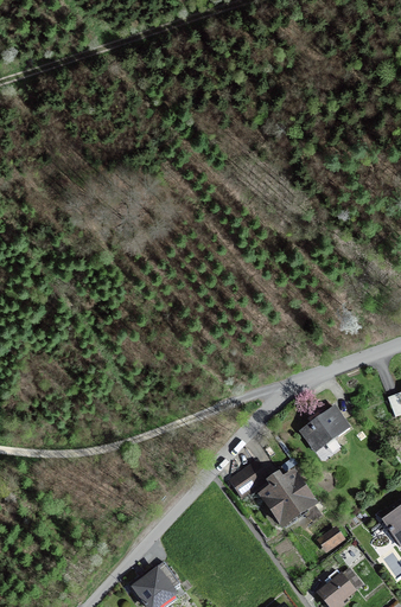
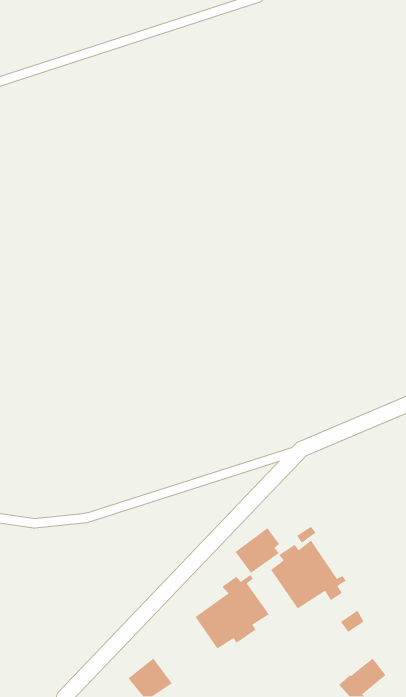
building: [300,405,349,448] -> none
building: none -> [195,574,270,649]

